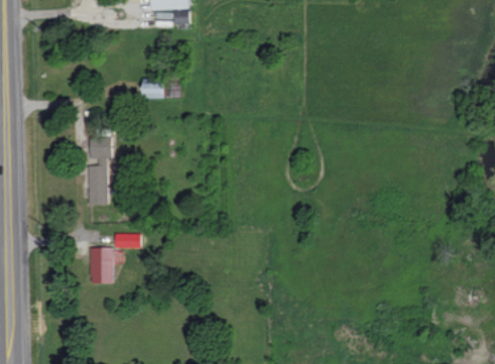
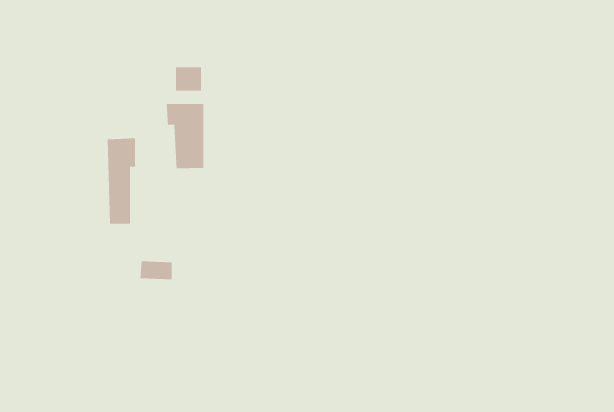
building: none -> [166,103,204,169]
building: [91,248,114,284] -> none

